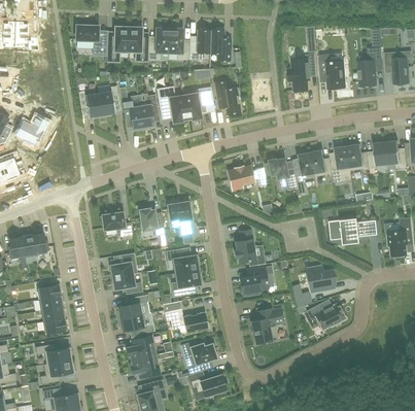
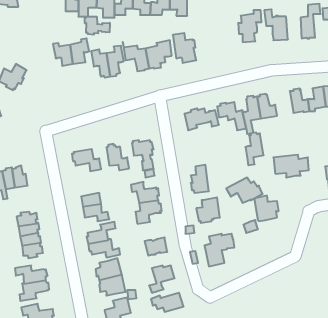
building: none -> [85,17,110,35]
building: [331,144,351,181] -> [245,133,264,165]
building: [304,300,345,329] -> [226,178,263,203]

